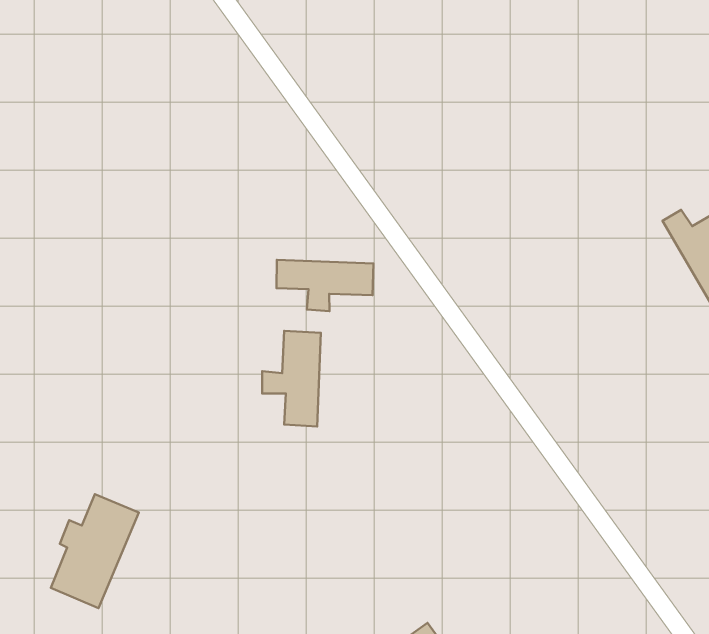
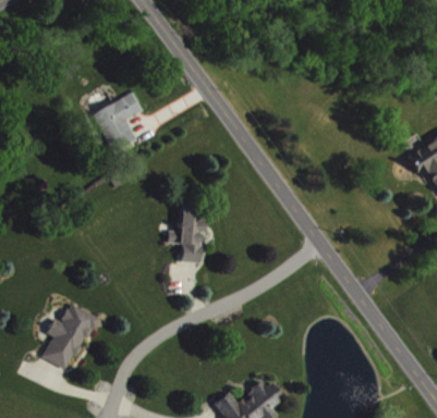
building: none -> [95,93,143,151]
building: [276,260,373,311] -> none

